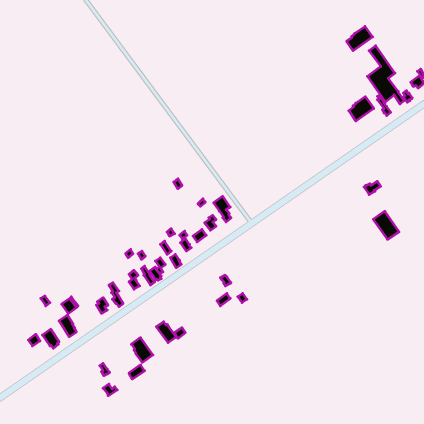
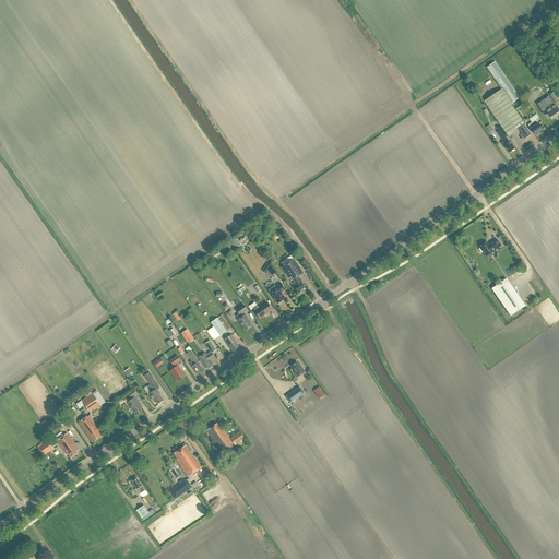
building: [347,26,373,51] -> none
building: [349,97,374,121] -> none

